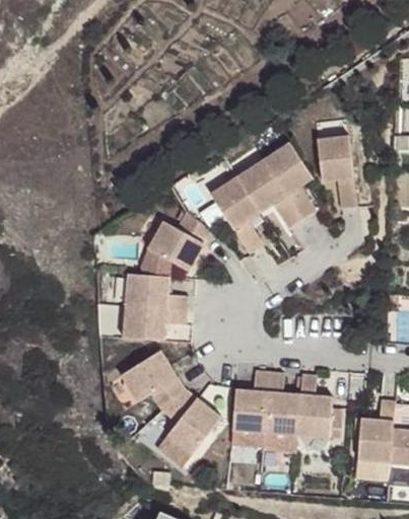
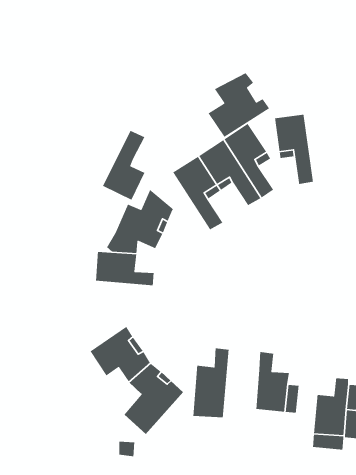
building: none -> [208,72,270,138]
building: none -> [102,130,146,201]
building: [127,302,191,338] -> none
building: [264,373,300,449] -> none

